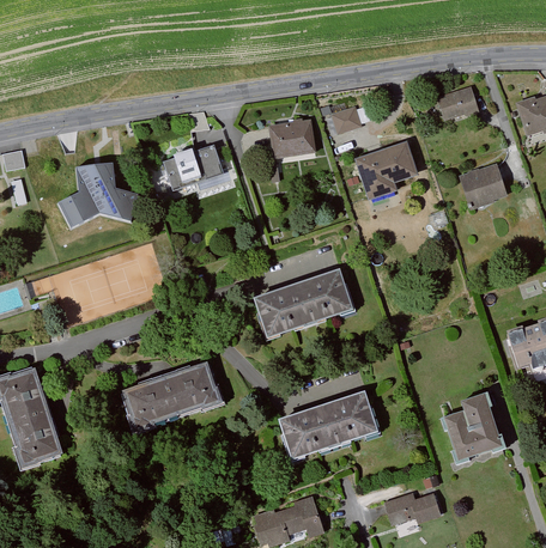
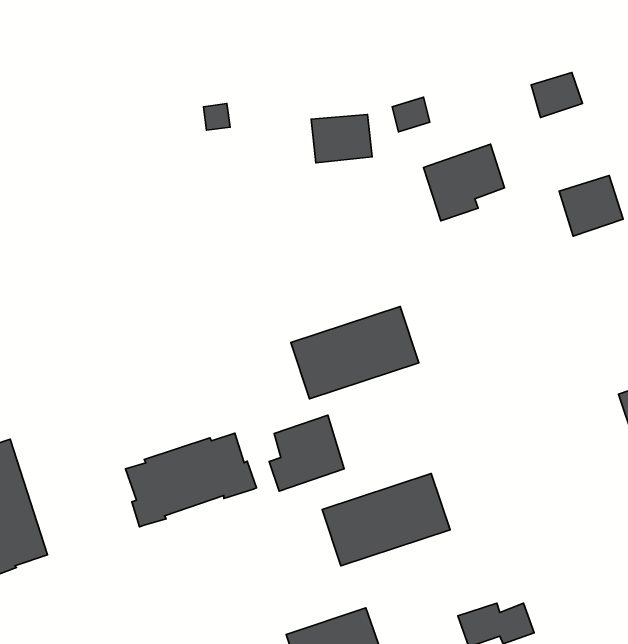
building: [163,140,225,189] -> none
building: [57,162,136,226] -> none
building: none -> [269,415,344,491]
building: [437,392,504,467] -> none

